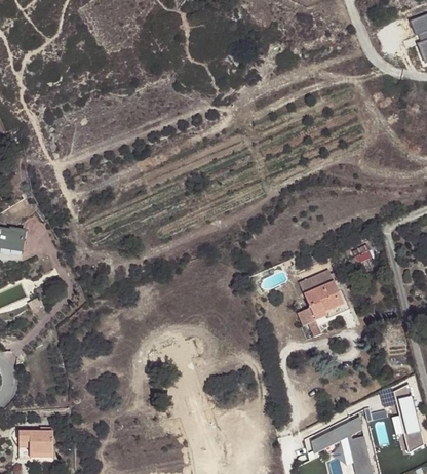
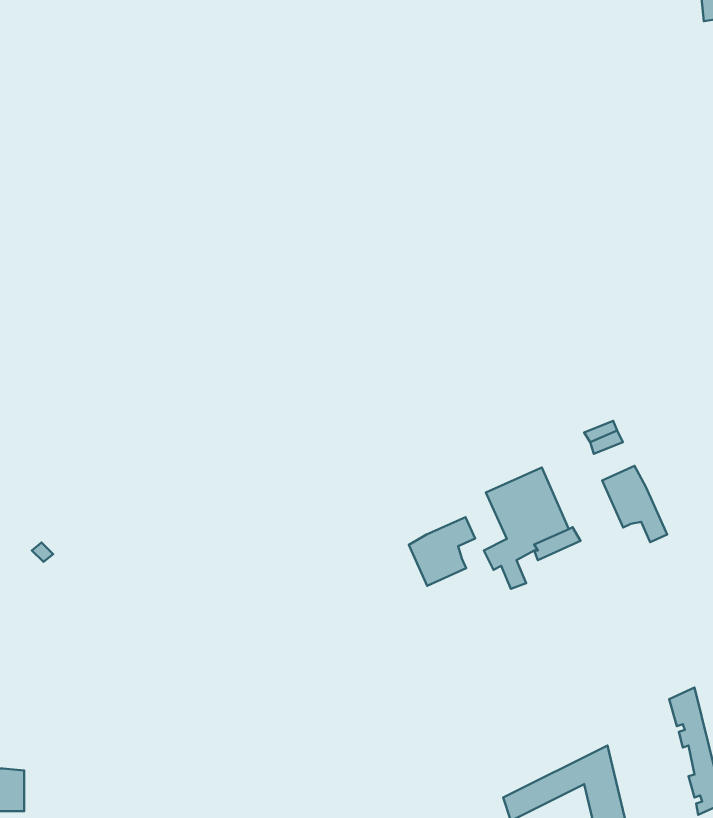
building: none -> [602,466,667,542]
building: none -> [409,517,475,586]

